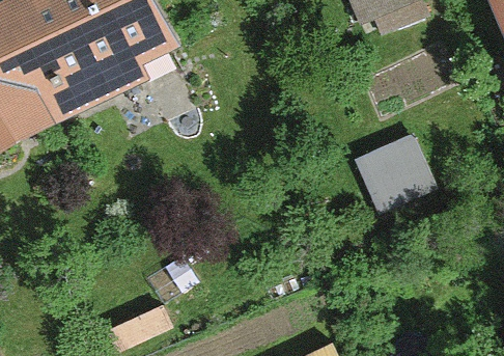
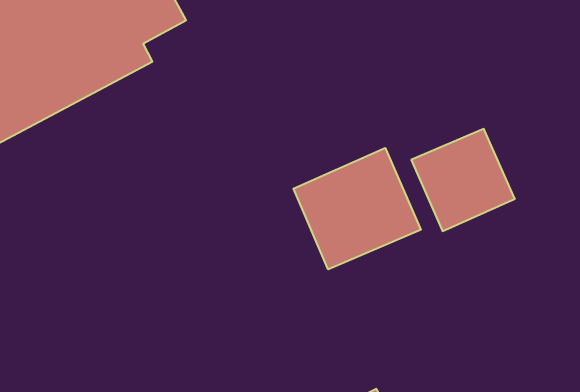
building: none -> [294,148,421,269]

